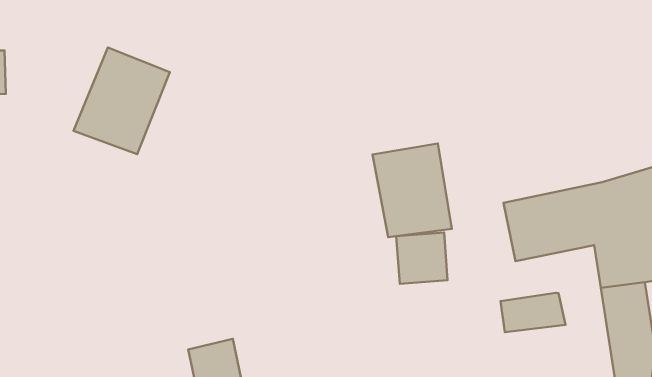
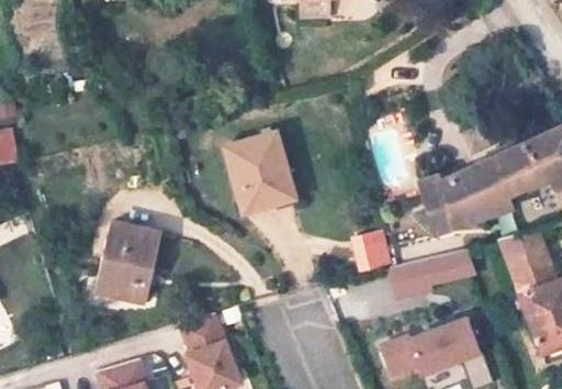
building: [73,48,170,154] -> [90,225,160,307]
building: [372,144,452,237] -> [227,130,297,209]
building: none -> [392,260,434,300]

